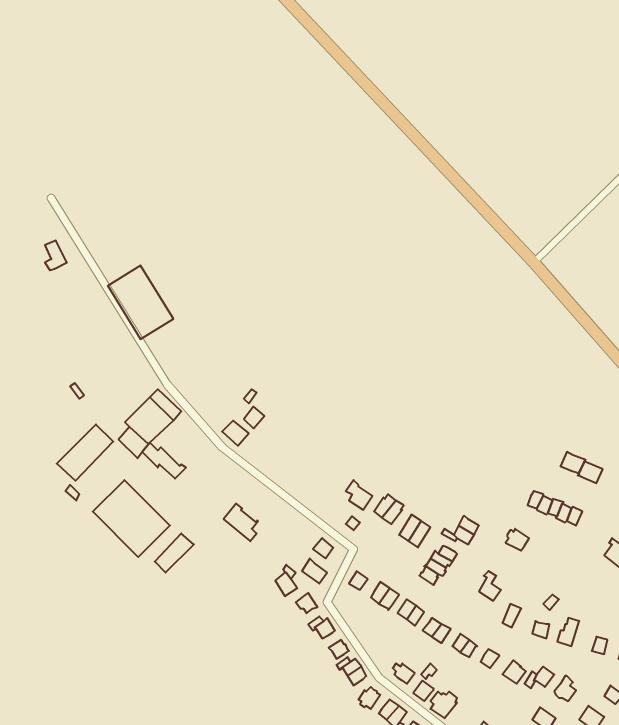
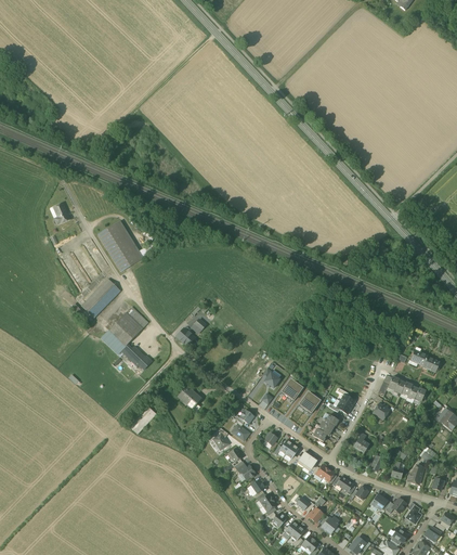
building: [57,424,113,481] -> [80,279,119,318]
building: [93,480,170,557] -> none

